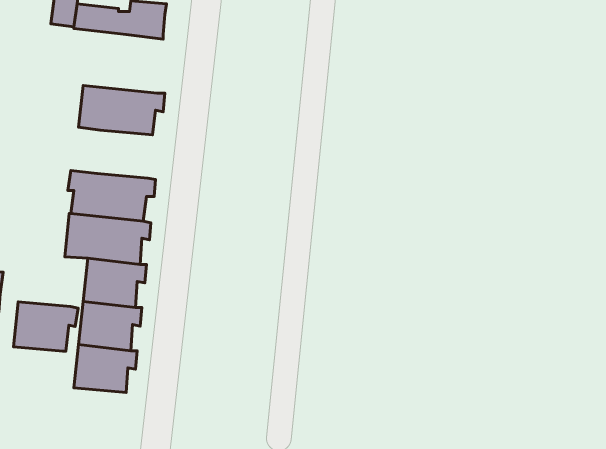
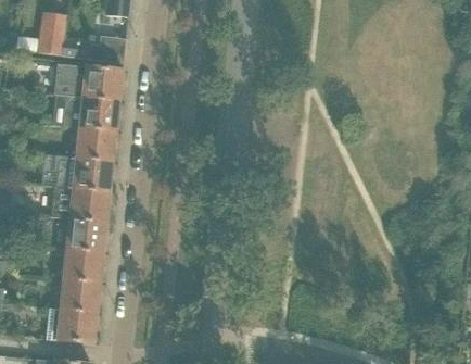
building: none -> [52,62,127,101]
building: none -> [76,127,120,161]
building: [13,302,78,351] -> [56,309,102,343]

